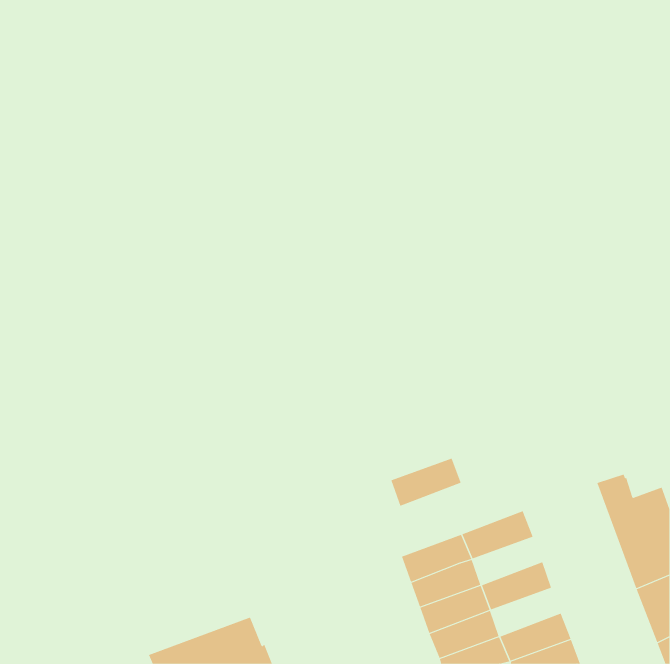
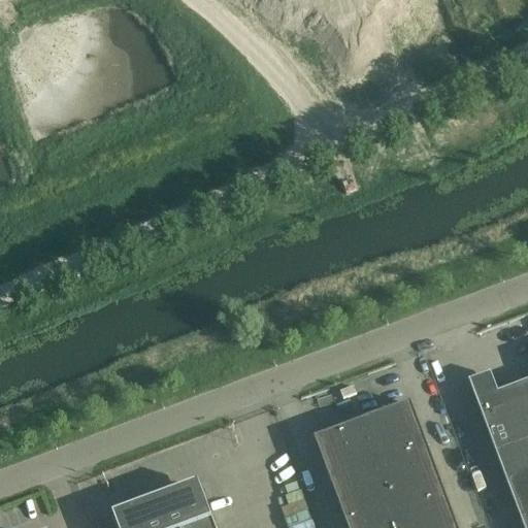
building: [391,458,461,506] -> [371,422,427,460]
building: none -> [386,462,441,500]

